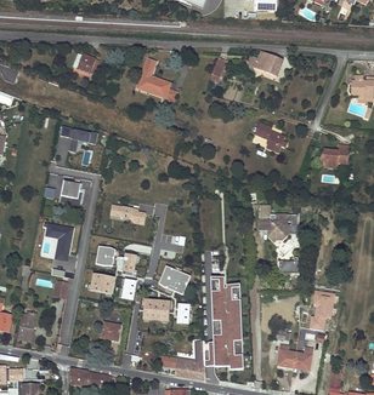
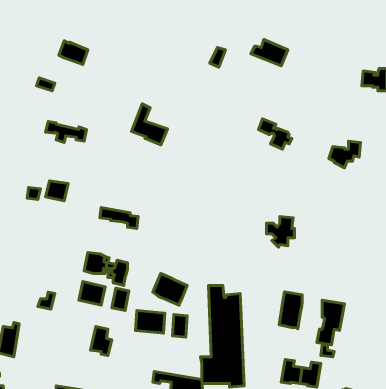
building: [137,59,170,97] -> [132,104,167,145]
building: [42,223,72,261] -> none
building: none -> [279,292,302,329]

